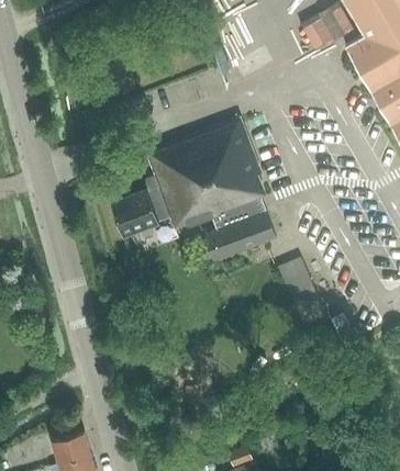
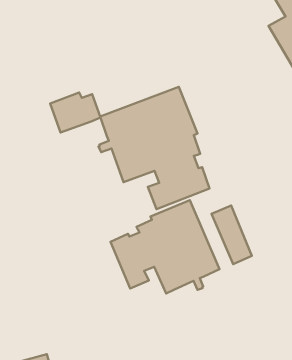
building: [111,189,170,236] -> [50,92,101,133]
building: none -> [110,200,219,293]

